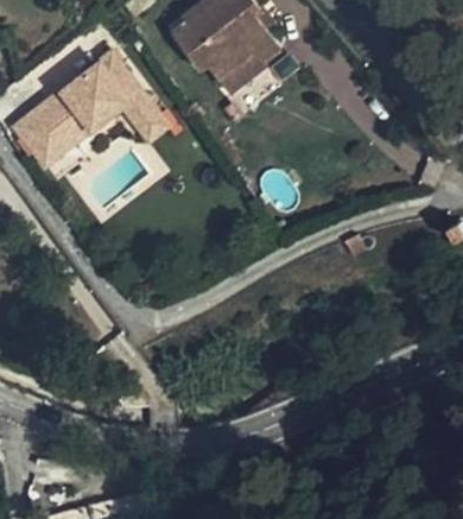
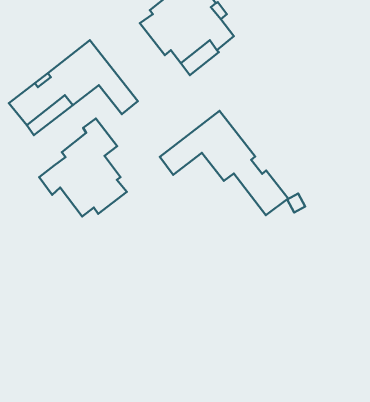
building: none -> [160,111,288,215]
building: none -> [39,118,127,217]

